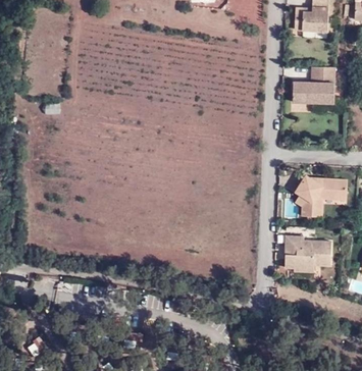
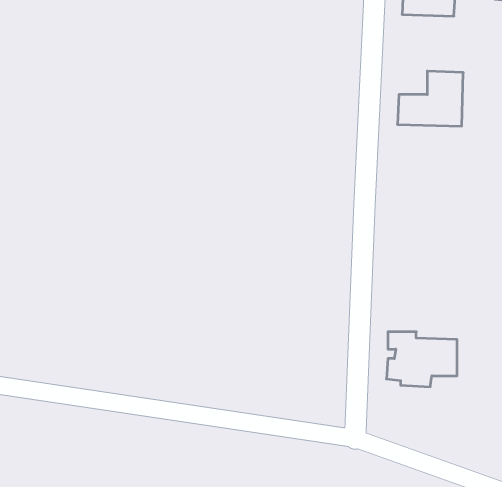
building: [295,176,347,217] -> none

